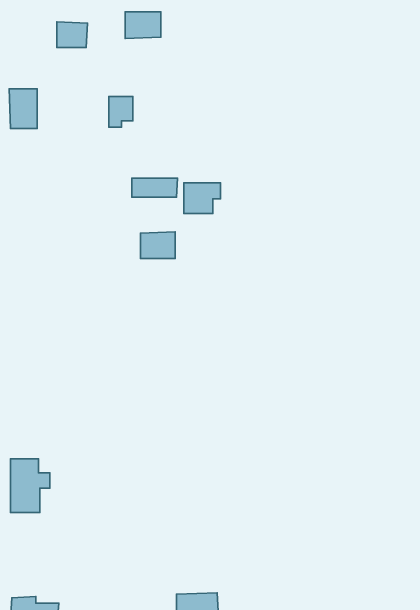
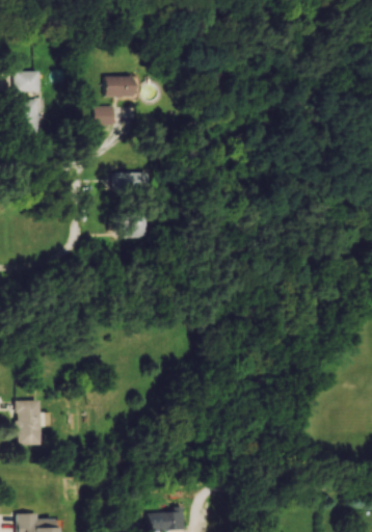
building: [125,12,161,38] -> [107,76,136,98]
building: [57,22,88,47] -> [16,71,41,91]
building: [184,183,220,213] -> none

